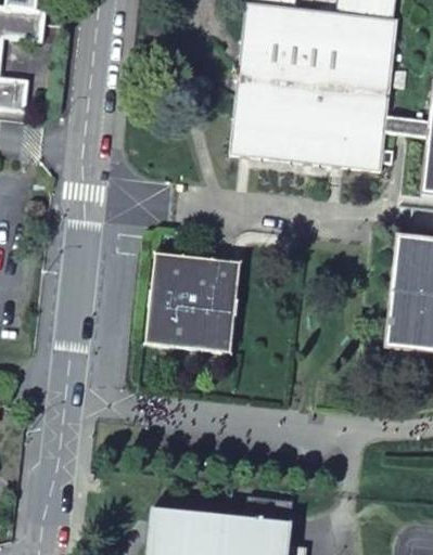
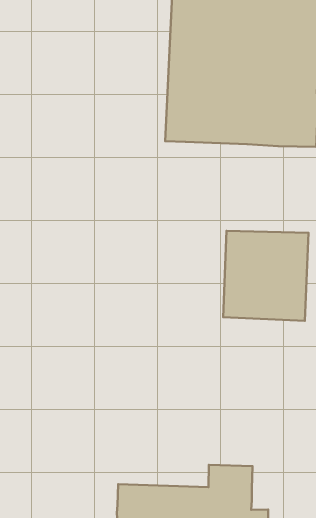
building: [148,256,241,353] -> [223,231,308,321]

